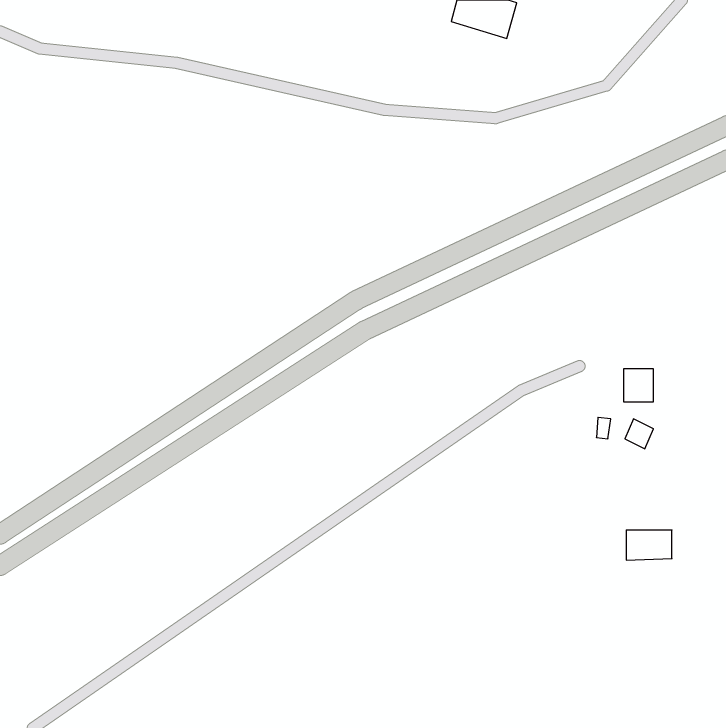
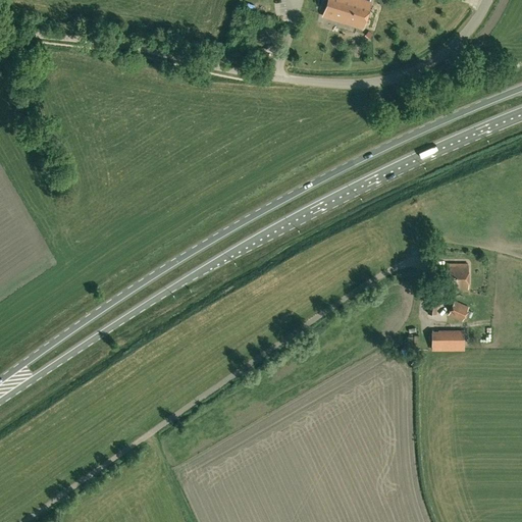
building: [626,530,672,560] -> [432,329,465,351]

